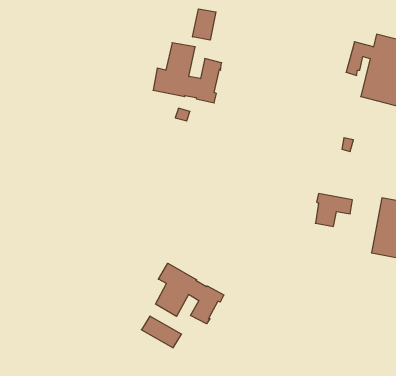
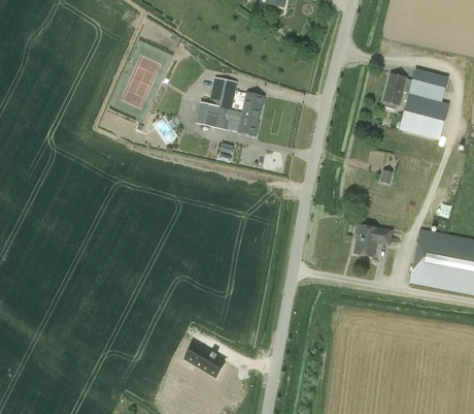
building: [193,9,216,40] -> none
building: [156,263,224,324] -> none

